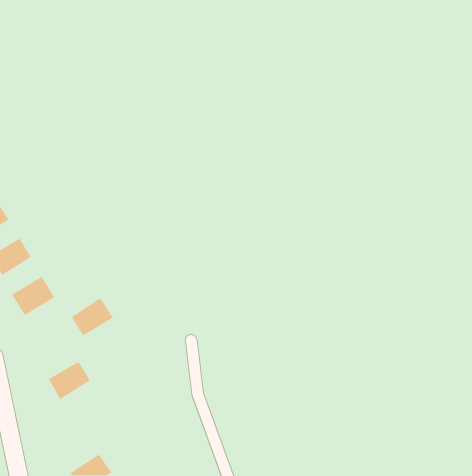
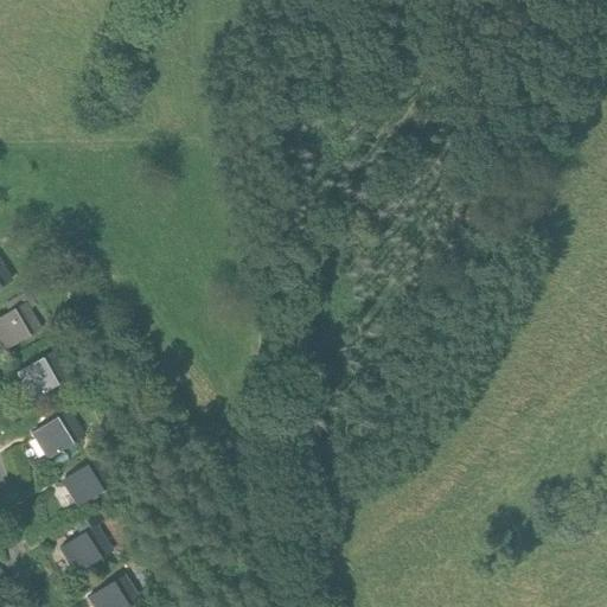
building: [71,297,114,337] -> [31,409,85,459]
building: none -> [60,526,114,576]

